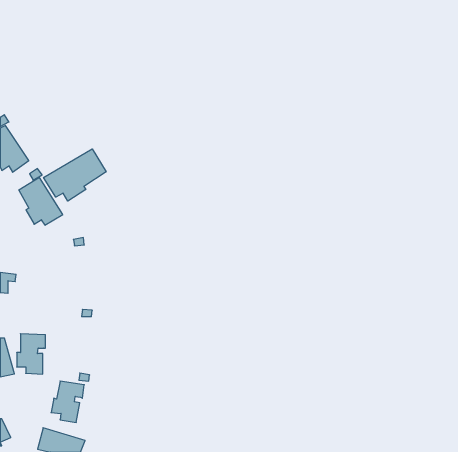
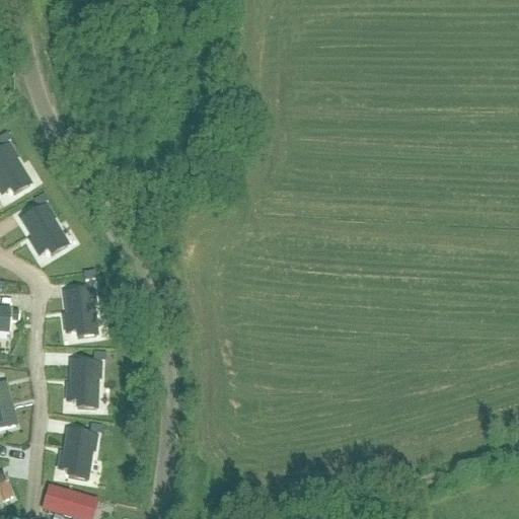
building: [44,149,106,201] -> none
building: none -> [64,289,96,336]
building: [17,334,45,374] -> [67,361,99,406]

